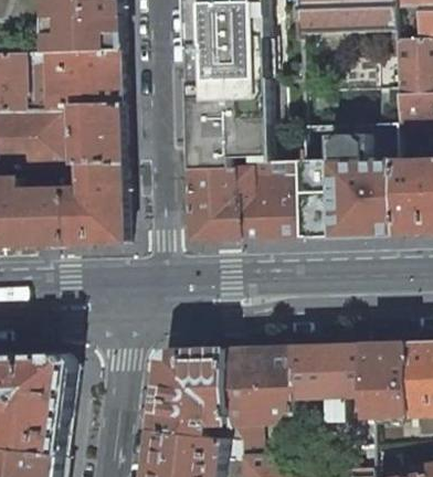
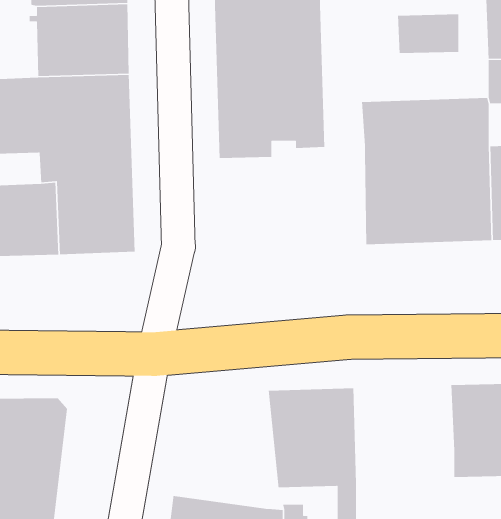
building: [187,162,299,240] -> none
building: [291,343,367,420] -> none
building: [151,348,232,438] -> none

